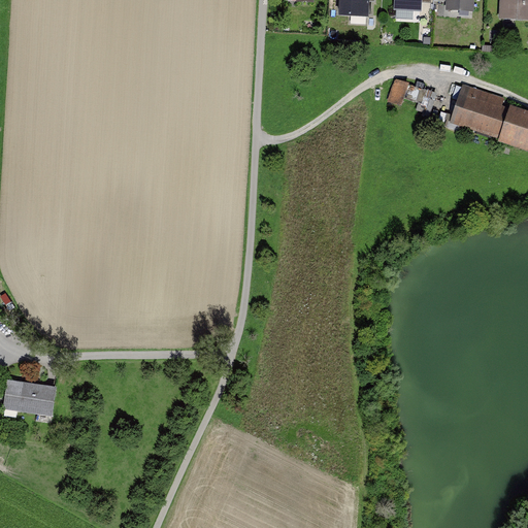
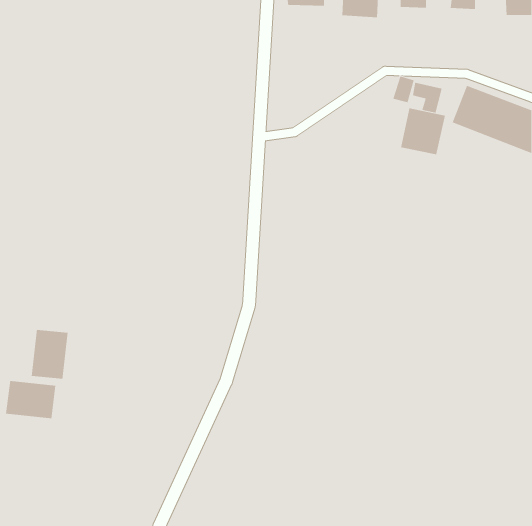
building: none -> [400,108,446,155]
building: none -> [31,329,68,379]

